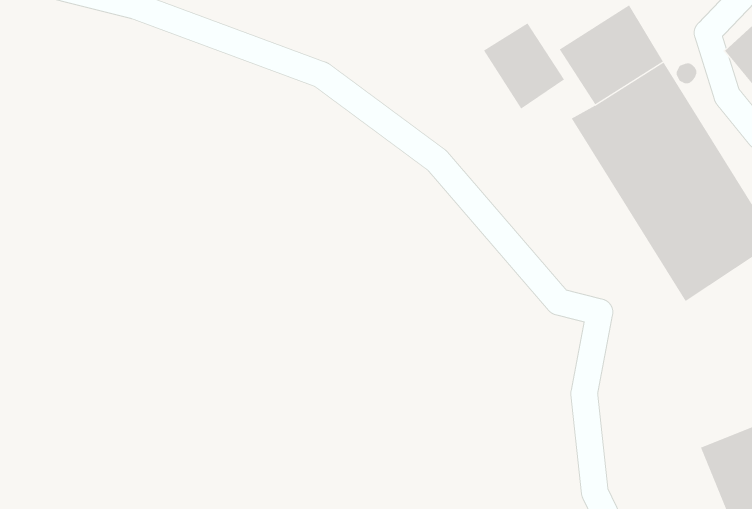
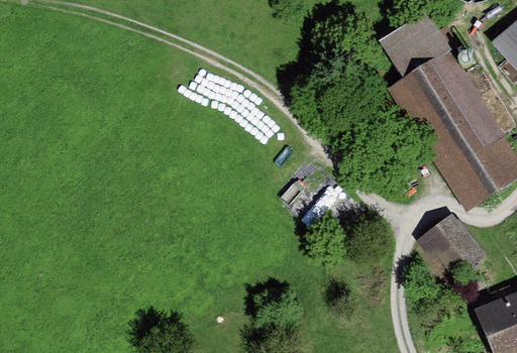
building: [483,22,565,109] -> none
building: none -> [419,214,488,283]

